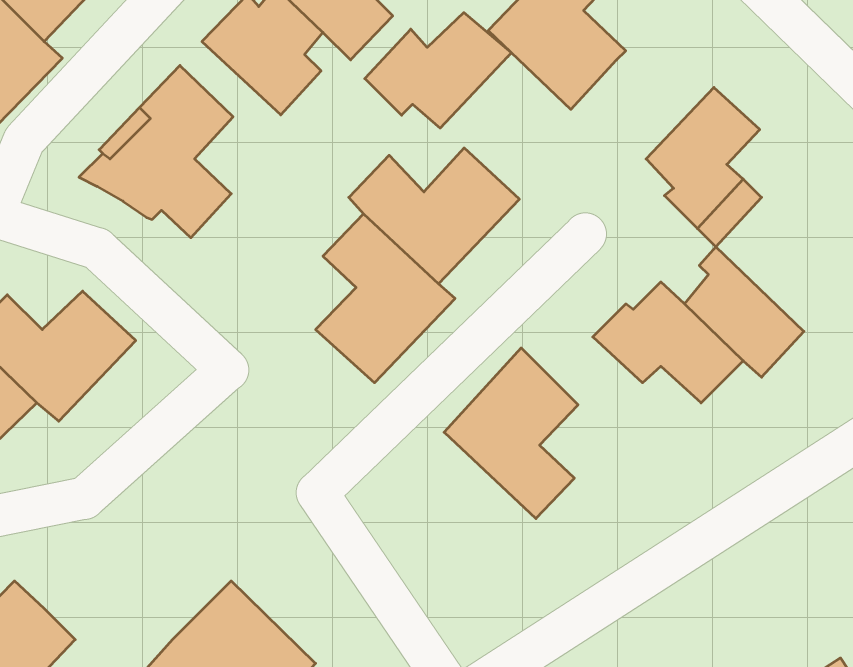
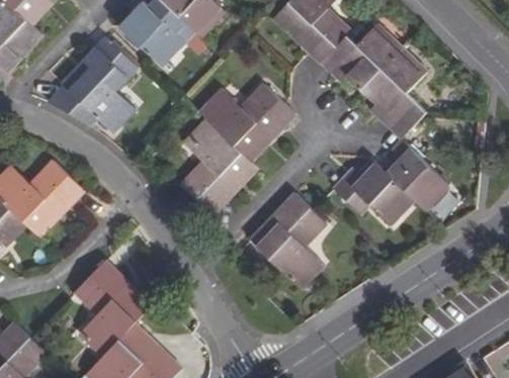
building: [365,13,512,128] -> [321,26,402,90]
building: none -> [72,262,149,355]

